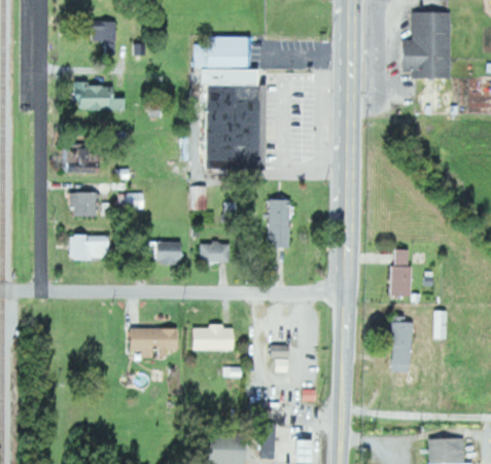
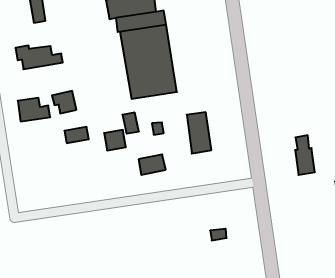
building: [69,191,96,216] -> [52,91,76,113]
building: [70,235,110,258] -> none
building: [159,242,182,263] -> [104,130,126,150]
building: [390,321,412,371] -> none
building: [194,324,235,350] -> none
building: [129,327,179,357] -> none

